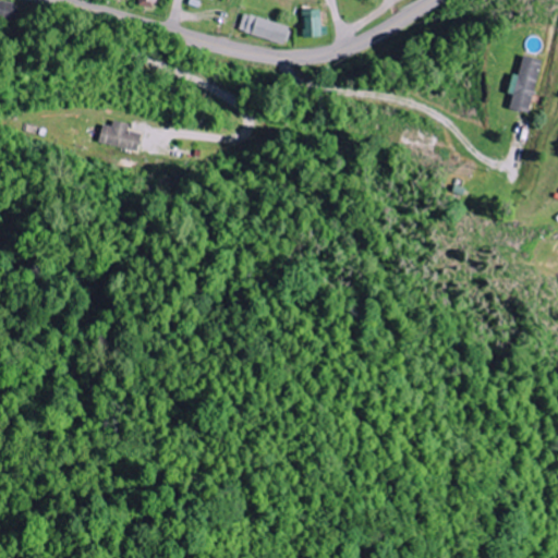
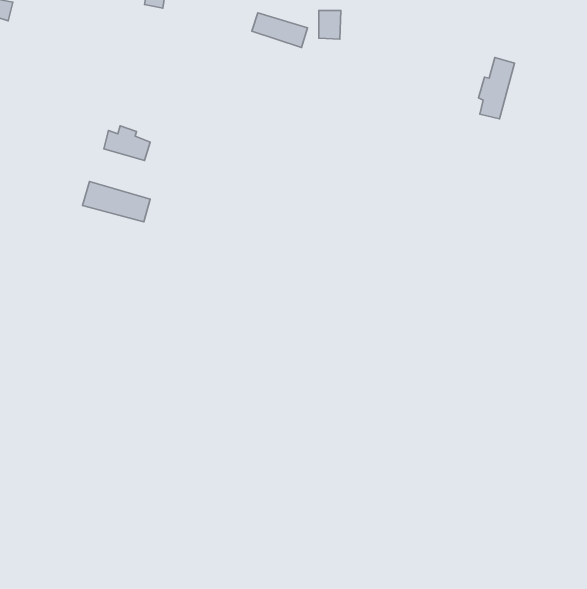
building: [508,54,542,112] -> [479,57,514,119]
building: none -> [82,182,150,222]

